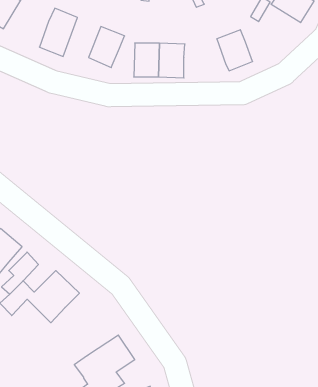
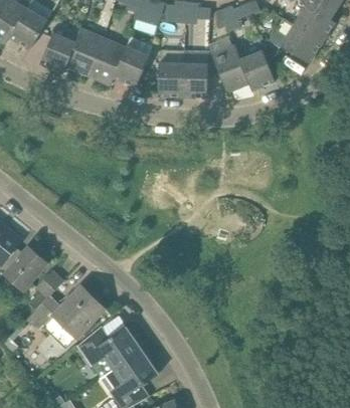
building: none -> [280,25,321,63]
building: none -> [39,33,73,73]
building: none -> [88,38,125,85]
building: none -> [210,45,247,92]
building: none -> [75,326,142,379]

